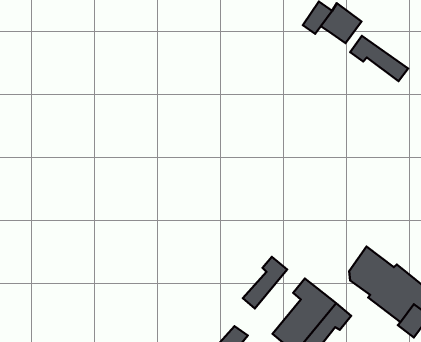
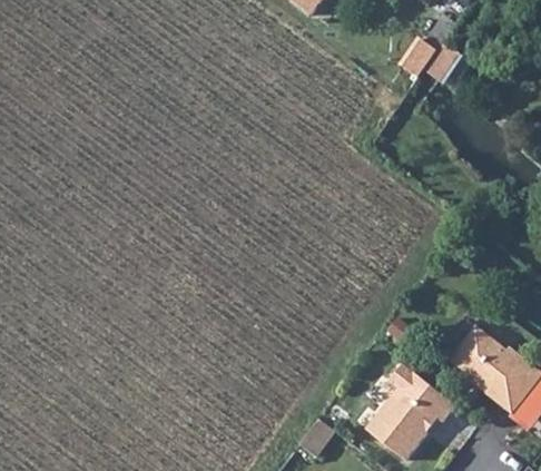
building: [350,36,408,81] -> none
building: [243,257,287,309] -> none

